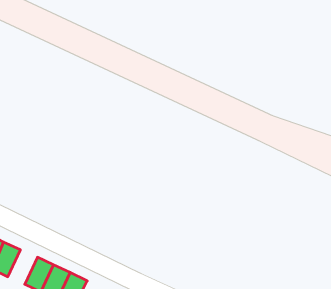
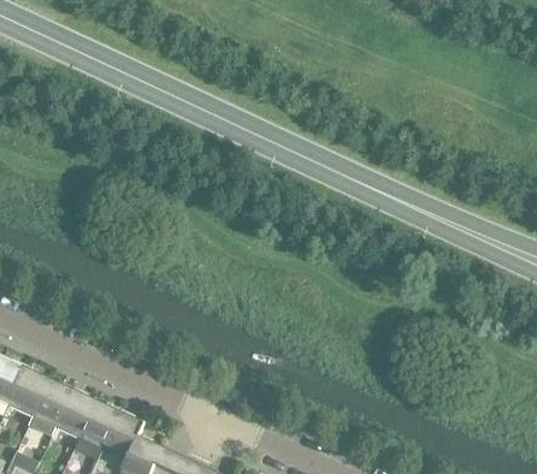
building: none -> [30,380,72,429]

